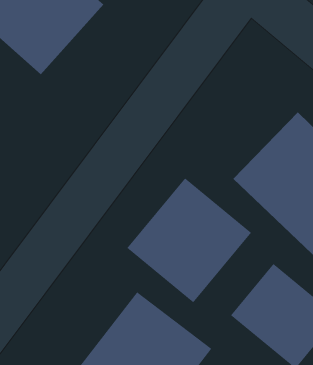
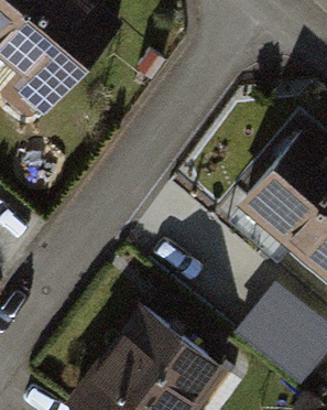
building: [127,178,252,303] -> none

